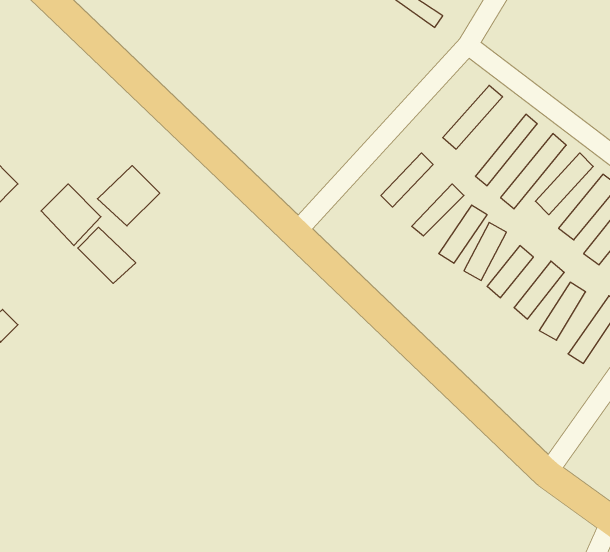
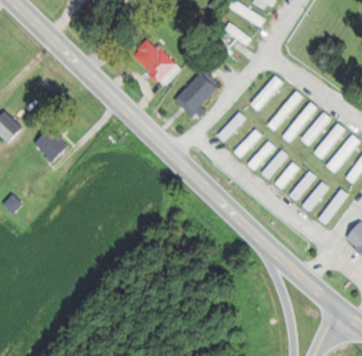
building: none -> [132,38,175,82]
building: none -> [178,77,217,119]
building: [97,166,160,226] -> none
building: [78,227,136,283] -> none

